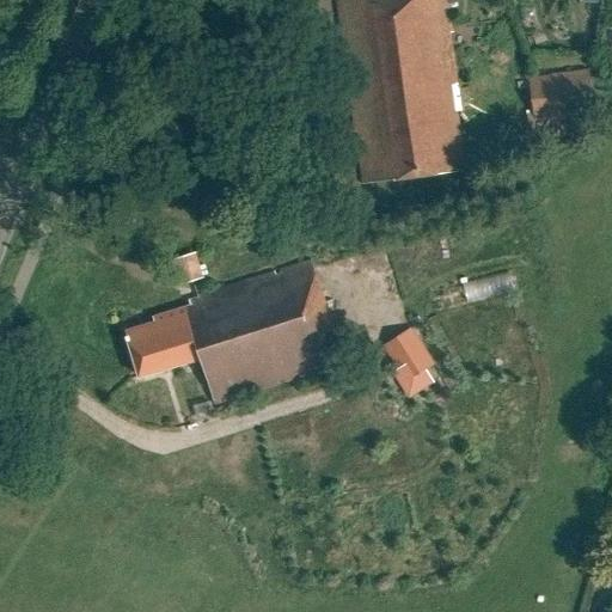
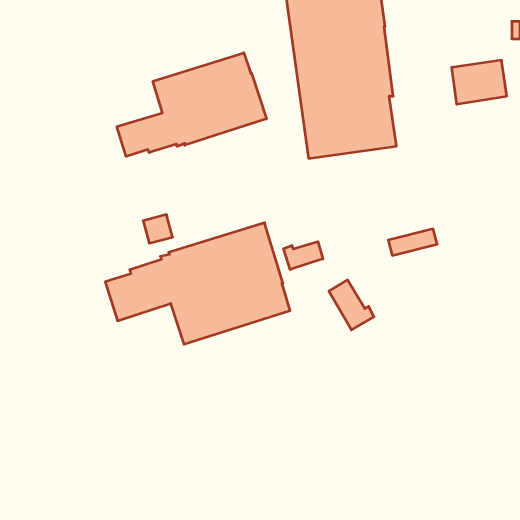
building: none -> [117,53,266,156]
building: none -> [284,242,323,270]

